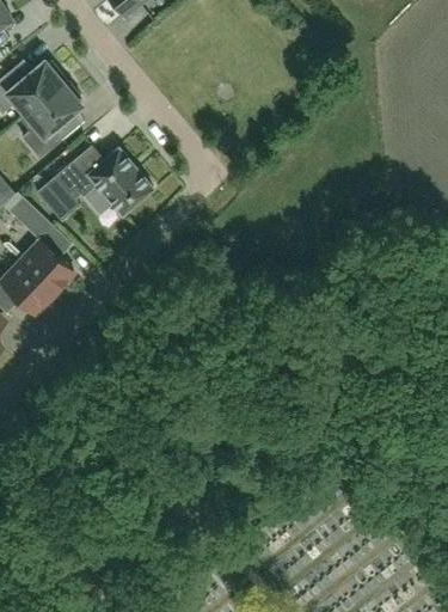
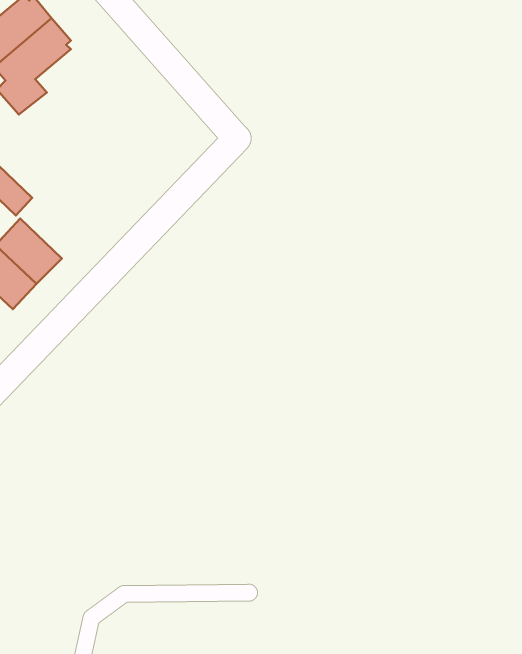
building: [36,146,153,220] -> none

